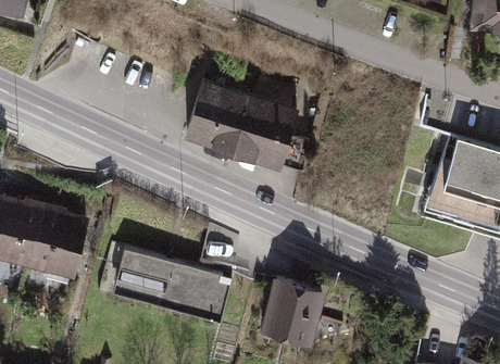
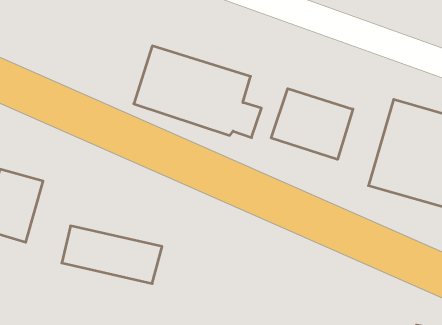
building: none -> [271,89,353,159]
building: [264,277,324,342] -> none

